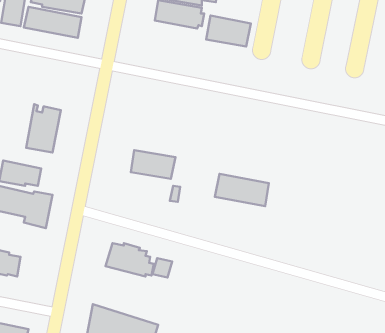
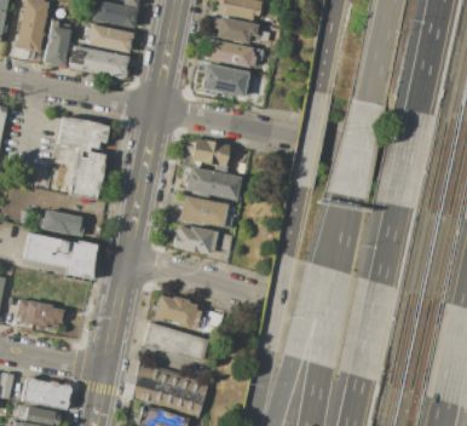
building: [206,15,251,46] -> [201,62,248,94]
building: none -> [57,116,109,150]
building: none -> [191,138,230,167]
building: [215,174,269,206] -> [186,167,243,201]
building: none -> [173,224,217,253]
building: none -> [143,322,209,362]

